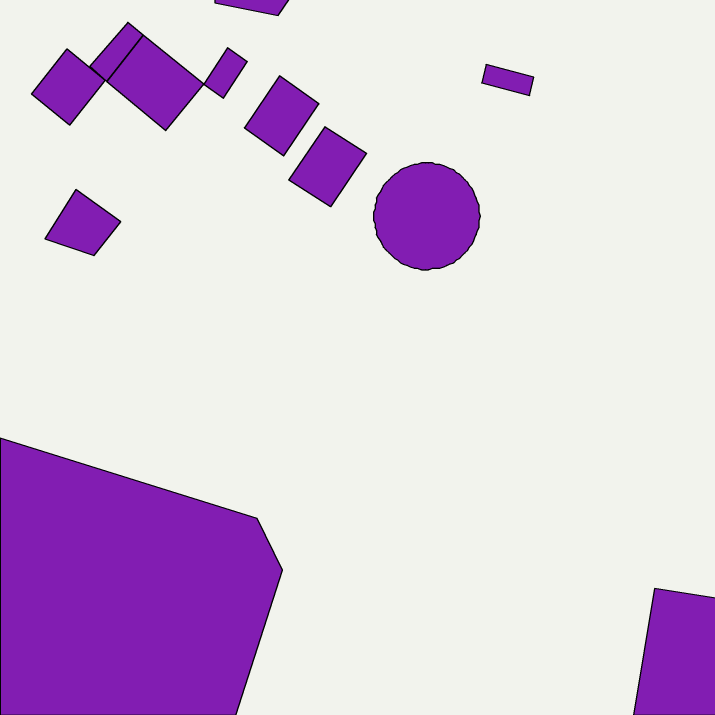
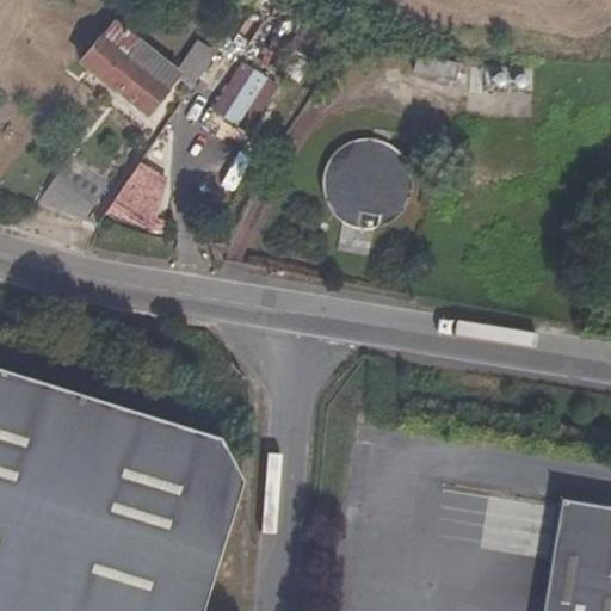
building: [32,49,105,125] -> none
building: [289,127,367,207] -> none
building: none -> [107,159,169,229]

